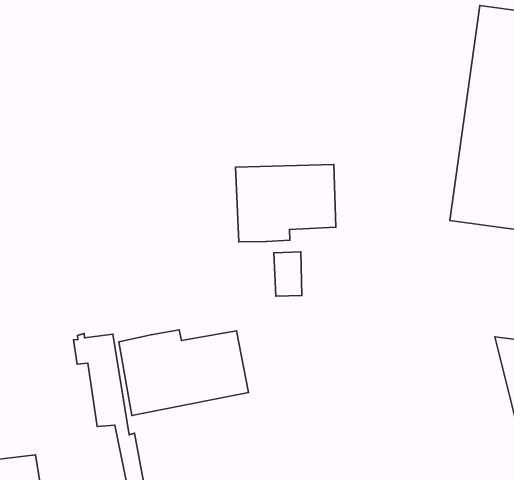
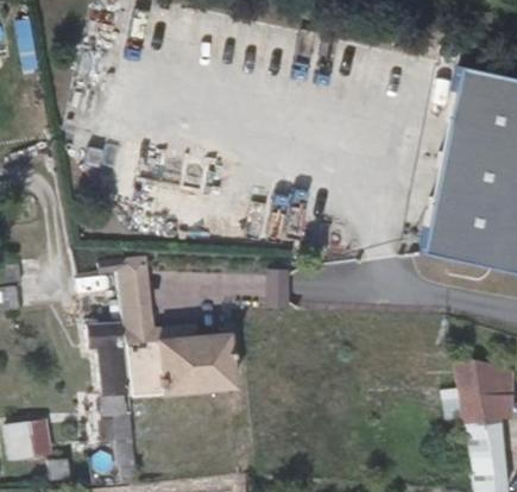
building: [235,165,336,242] -> none
building: none -> [121,280,155,334]

